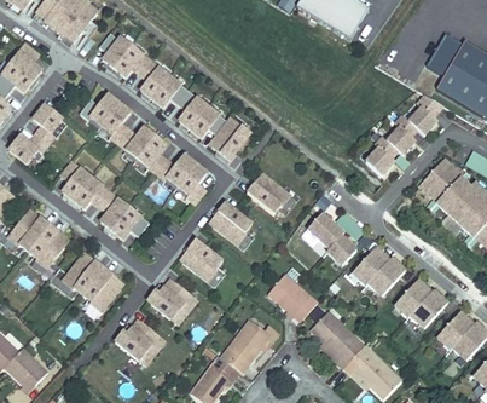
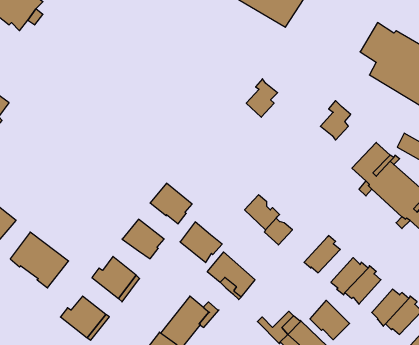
building: [98,31,249,159] -> none
building: [79,93,207,203] -> none
building: [406,96,441,136] -> none
building: [364,137,396,177] -> [246,79,278,117]
building: [60,161,149,238] -> none
building: [247,171,290,213] -> [180,222,222,263]
building: [353,247,392,286] -> none
building: [311,310,352,351] -> [310,300,350,340]

